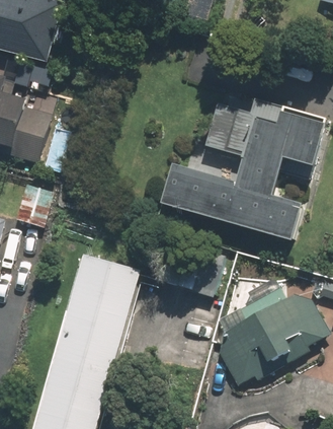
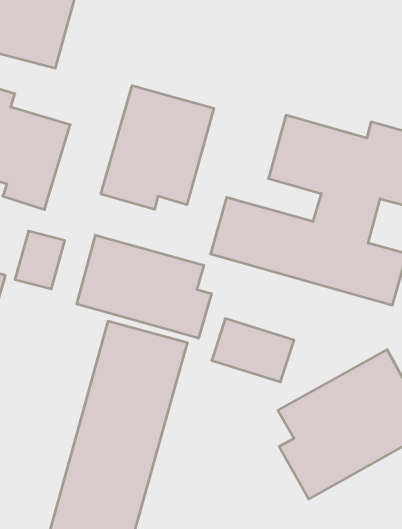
building: none -> [101,86,214,209]
building: none -> [77,235,211,338]

